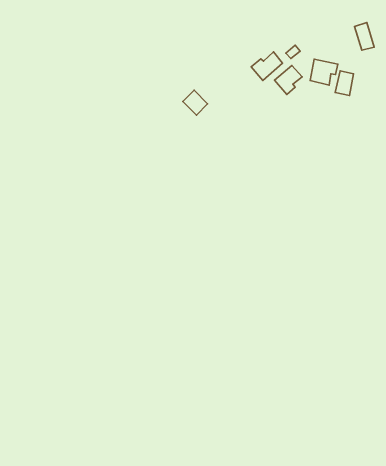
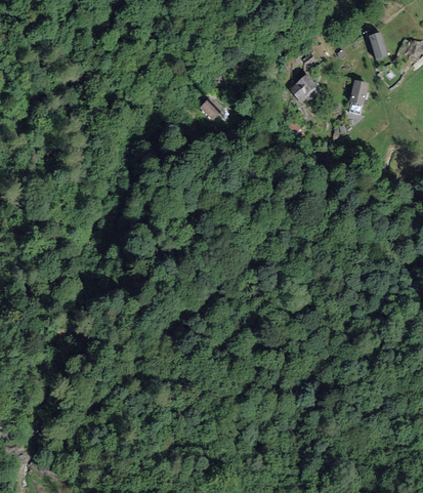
building: [251,52,282,80] -> none
building: [310,59,338,85] -> none

